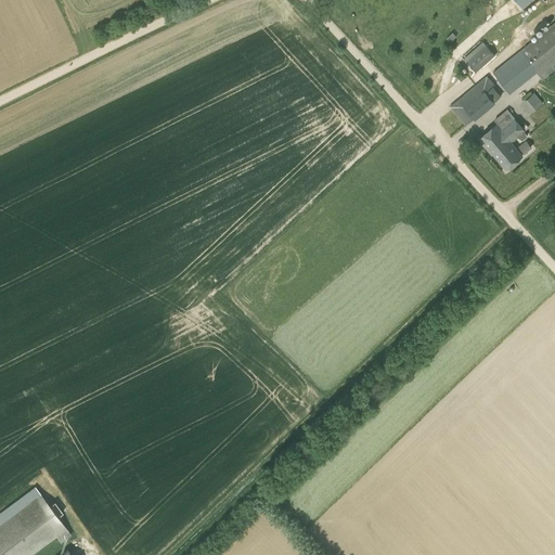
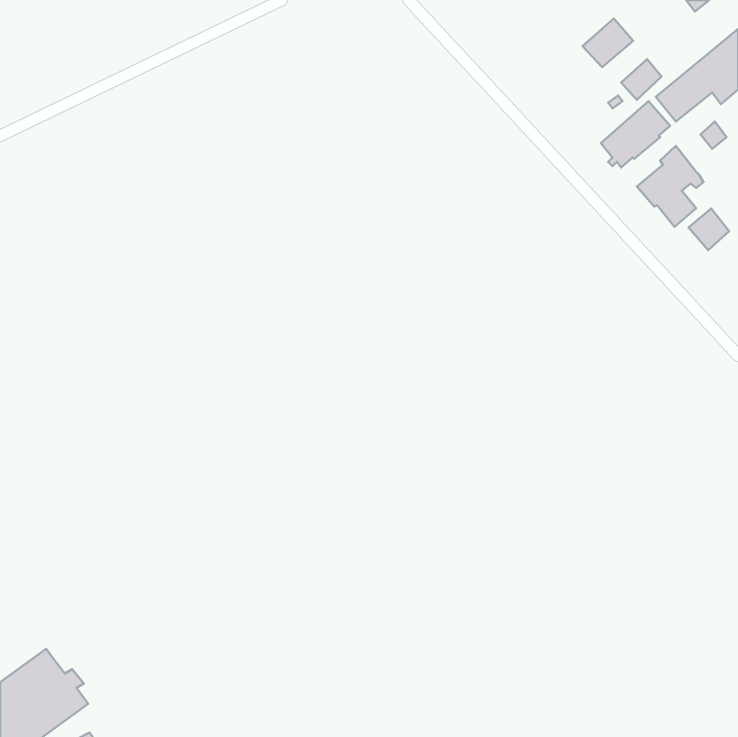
building: none -> [582,18,633,67]
building: none -> [689,208,729,250]

